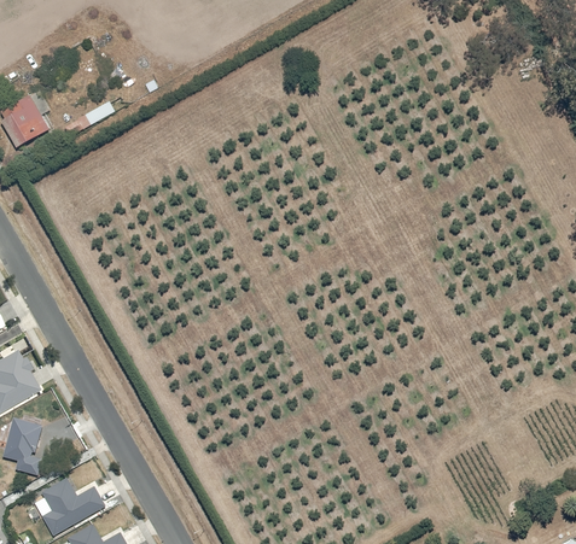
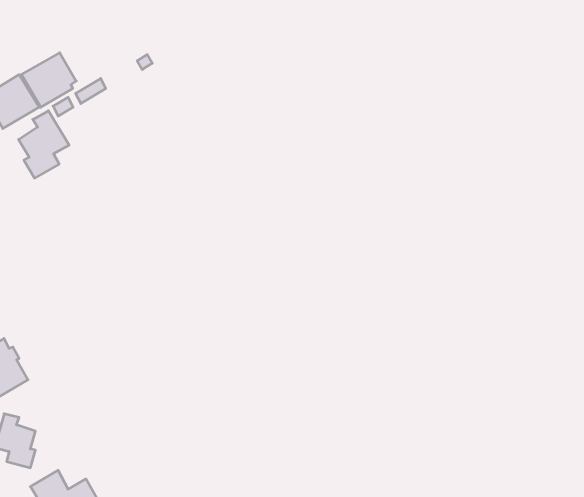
building: none -> [21,53,76,107]
building: none -> [19,111,69,178]

